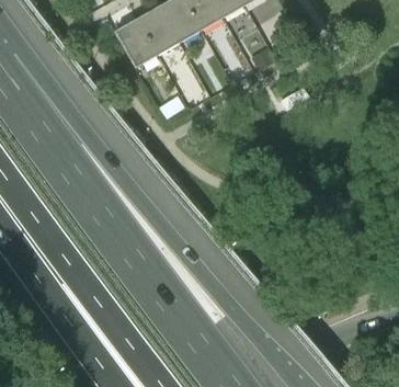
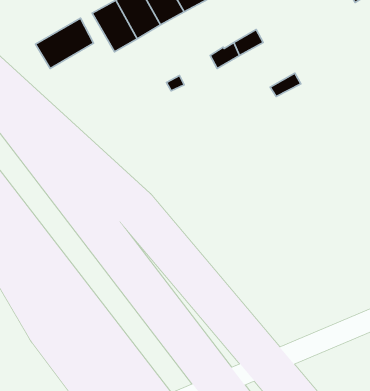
building: none -> [36,18,93,68]

